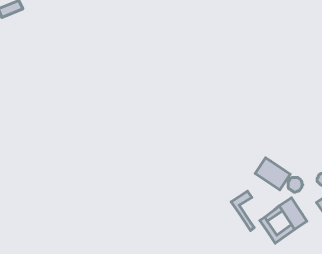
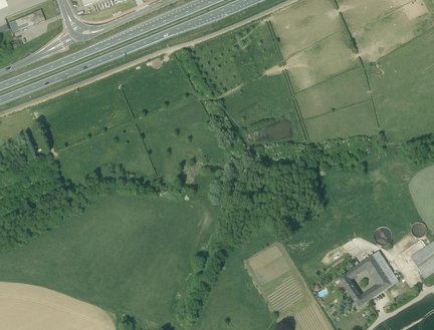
building: [255,158,290,190] -> none
building: [231,191,254,230] -> none

